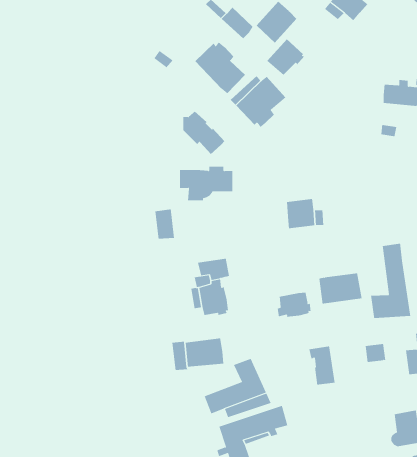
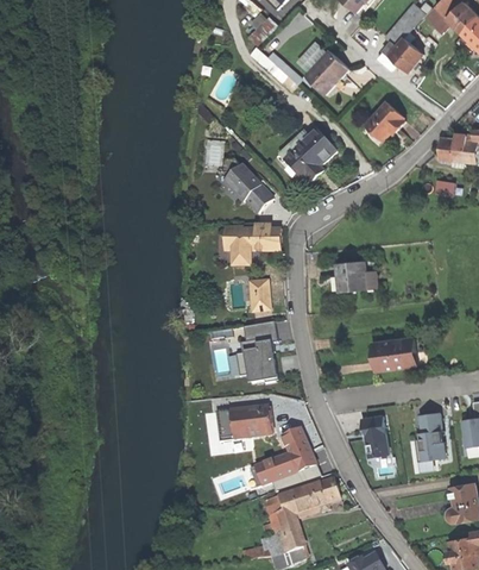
building: [267,38,305,76] -> [365,100,405,139]
building: [195,41,246,94] -> none
building: [155,209,175,239] -> [248,278,270,311]
building: [371,243,411,319] -> none
building: [277,292,311,317] -> none
building: none -> [415,430,445,459]

